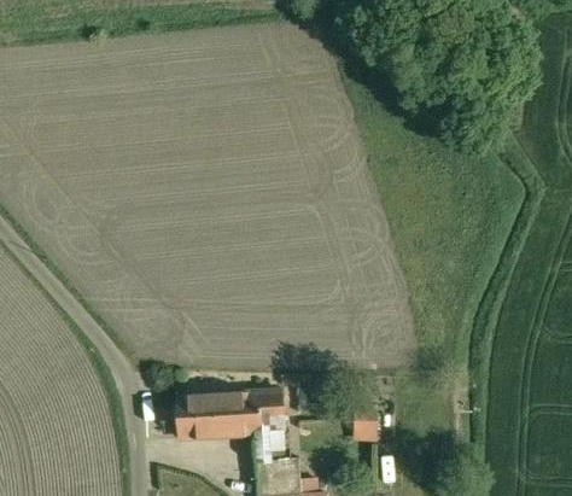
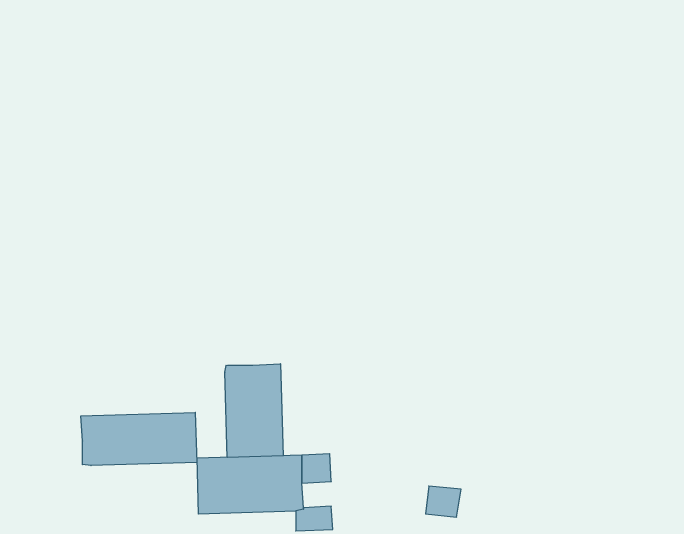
building: none -> [225,364,283,457]
building: none -> [81,412,197,466]

